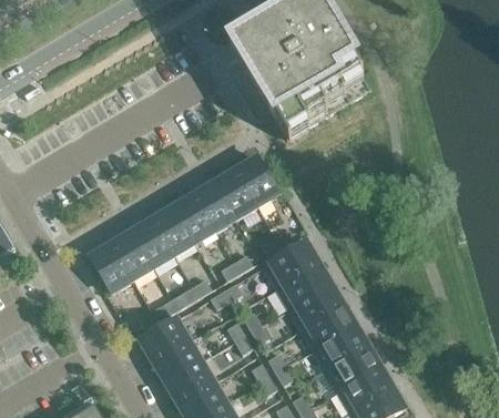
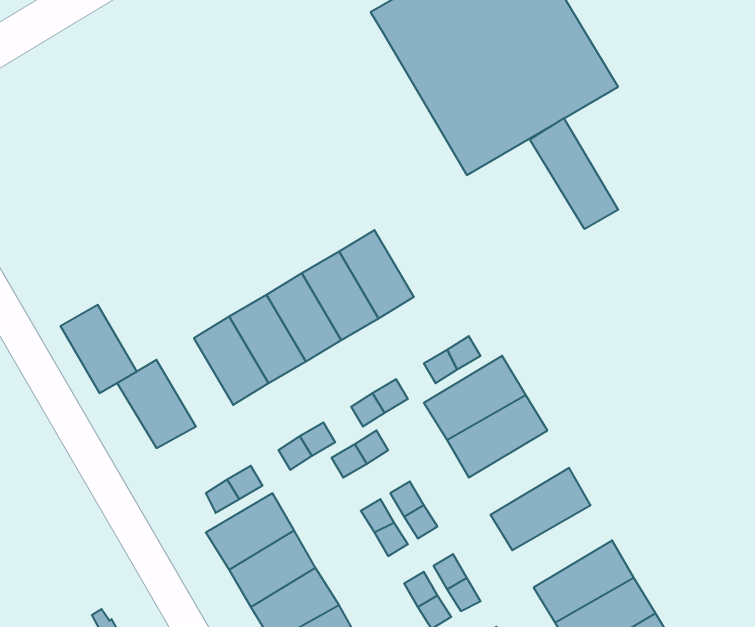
building: none -> [530,118,618,229]
building: [235,156,279,206] -> none
building: [112,230,155,279] -> [60,305,137,393]
building: [288,282,345,329] -> none
building: [313,324,369,370] -> none

